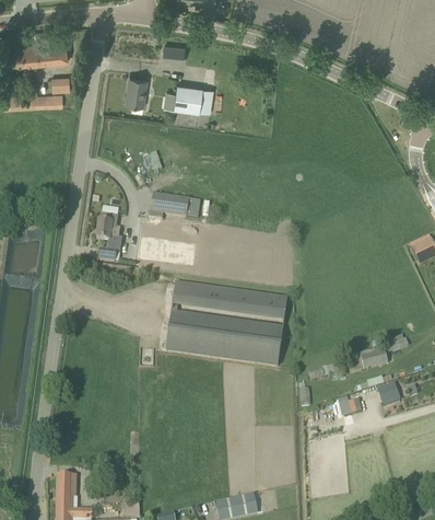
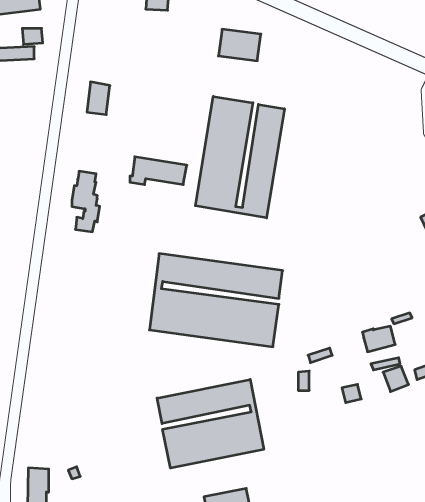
building: [127,77,148,106] -> [87,82,110,115]
building: [175,83,213,112] -> [218,29,261,61]
building: none -> [195,96,284,218]
building: none -> [157,379,264,468]

